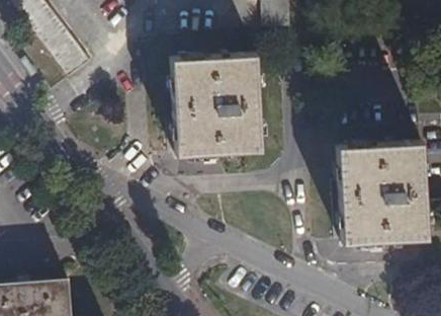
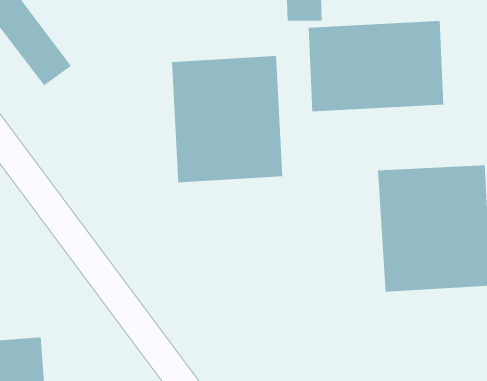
building: none -> [308,20,444,112]

